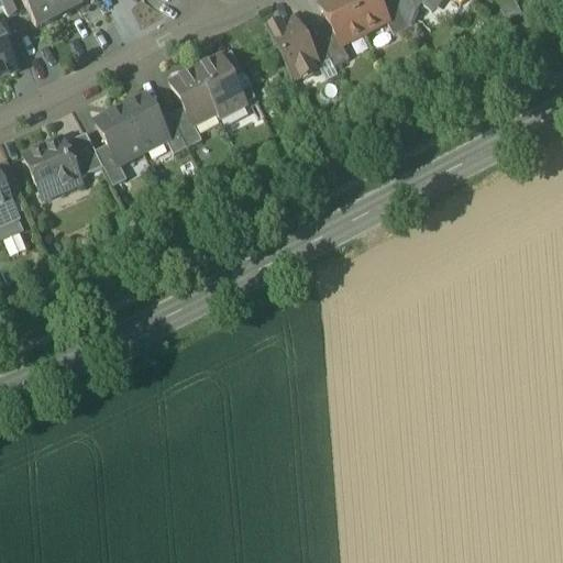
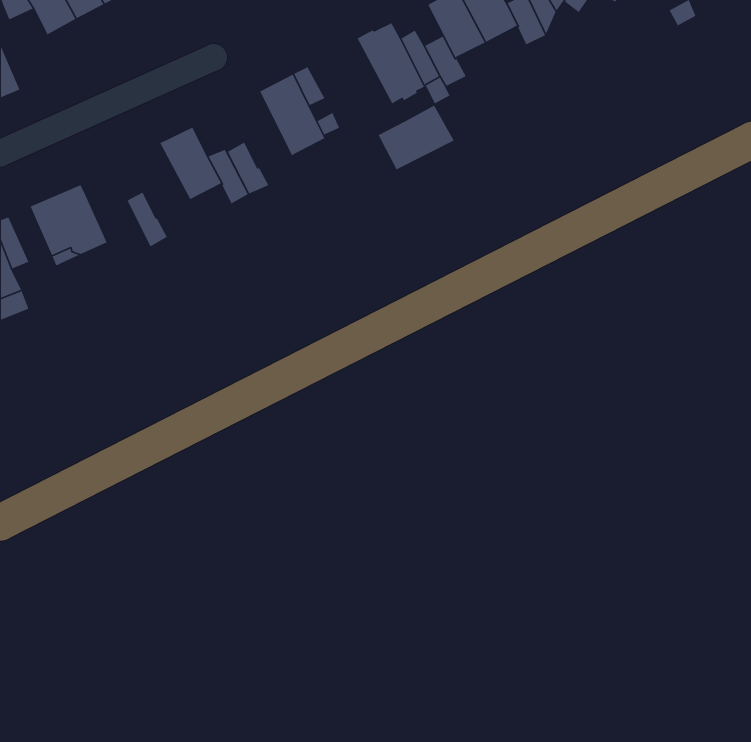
building: [170,68,217,125] -> none
building: none -> [377,105,455,170]
building: [96,107,143,163] -> none
building: [64,132,103,176] -> none

